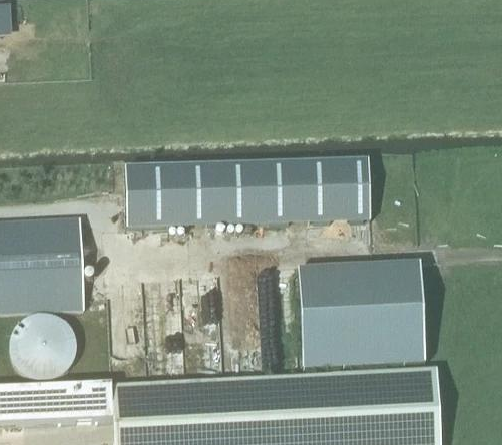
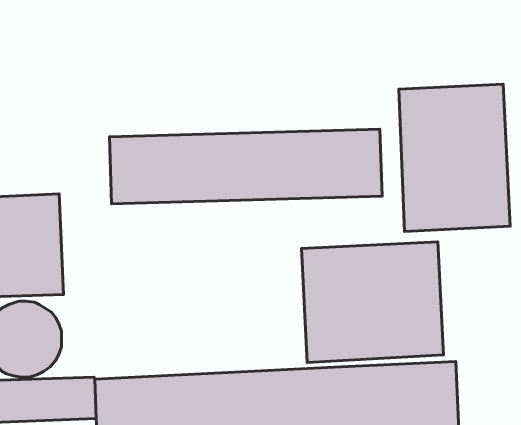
building: none -> [399,84,510,231]

